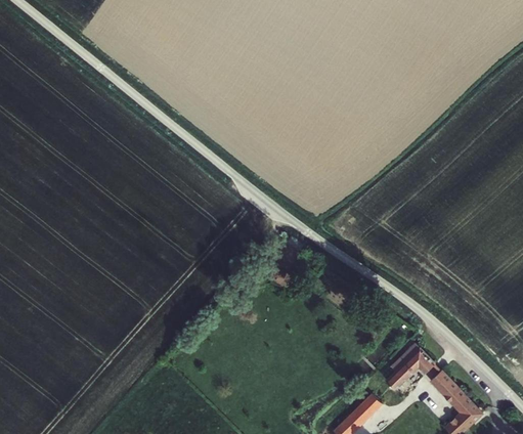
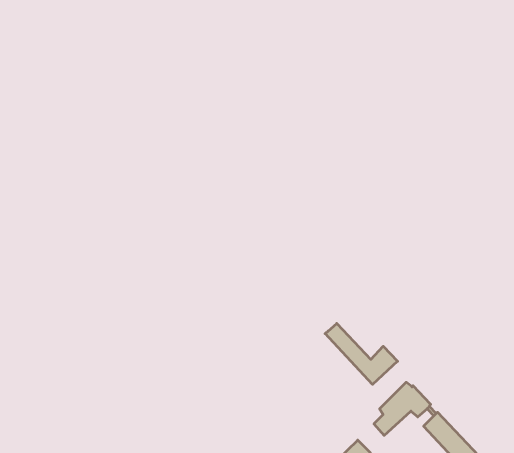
building: none -> [325,323,398,384]

